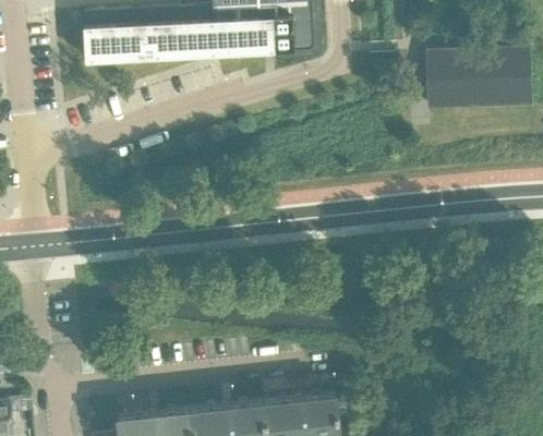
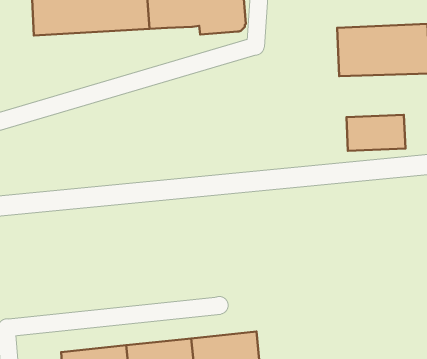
building: none -> [346,115,405,151]

